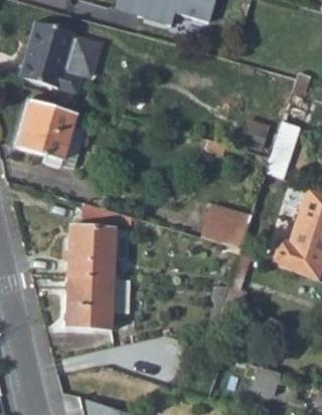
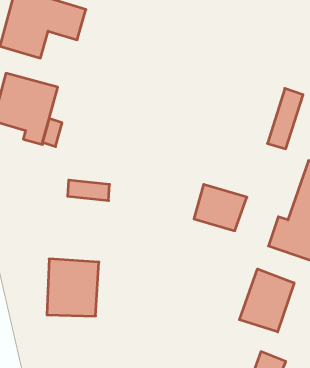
building: [67,224,115,277] -> none
building: none -> [239,269,294,332]

